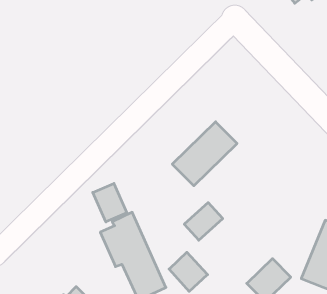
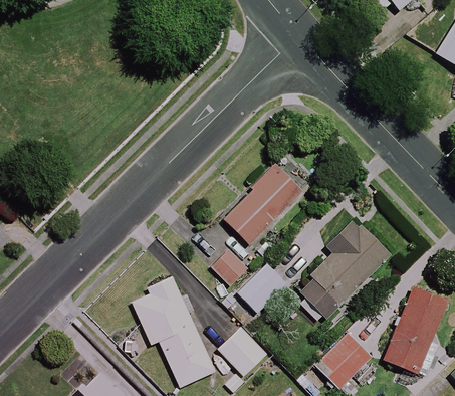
building: none -> [297,219,391,318]
building: [93,183,127,222] -> none
building: none -> [208,245,248,285]

